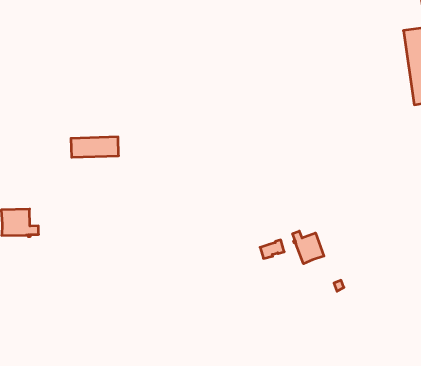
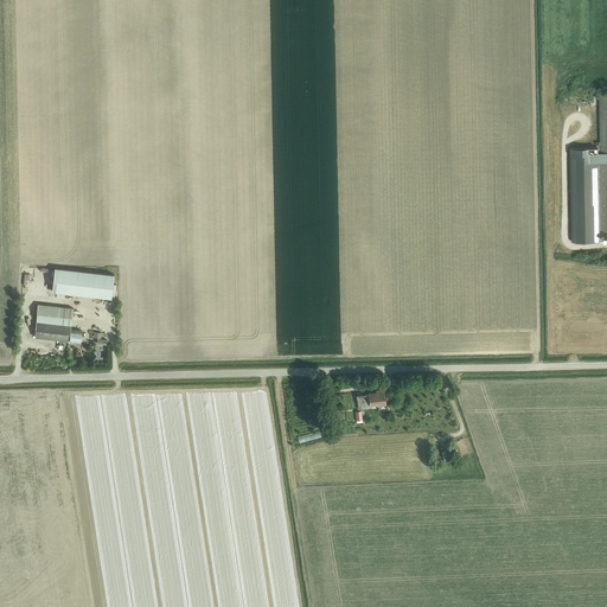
building: [71,137,119,157] -> [52,269,114,299]
building: [293,231,324,264] -> none

